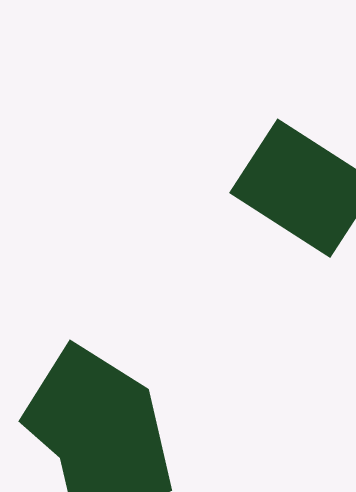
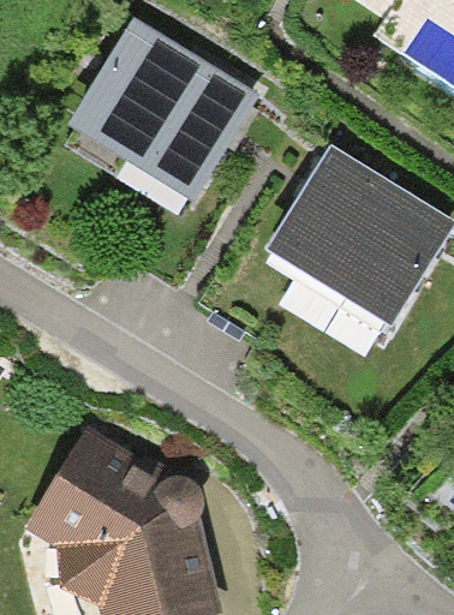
building: none -> [74,44,251,202]

